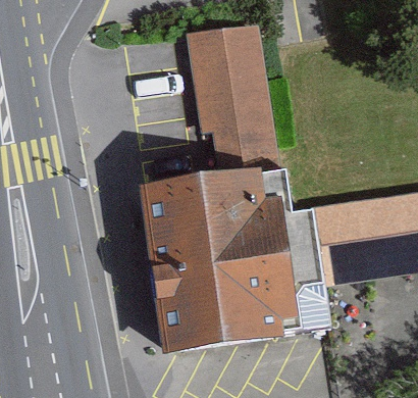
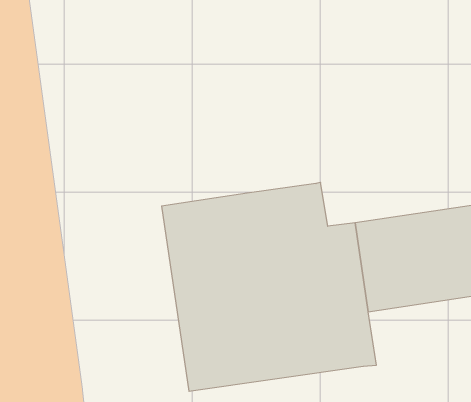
building: [184,21,277,182] -> none

